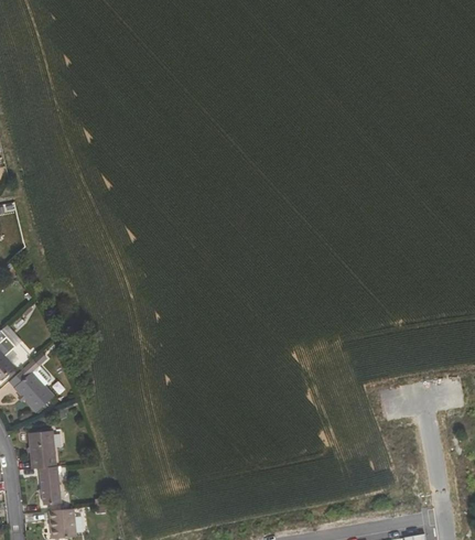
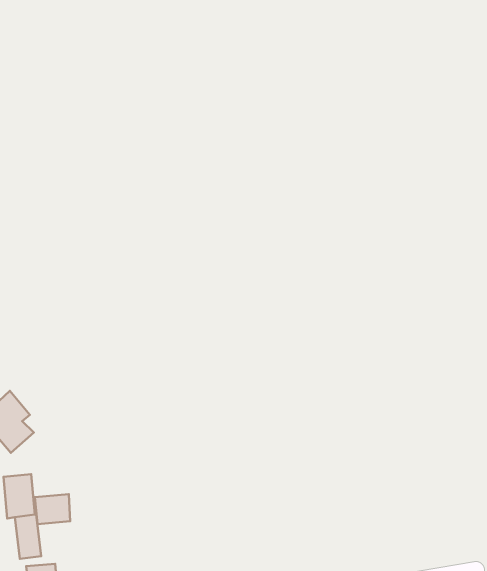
building: none -> [35,494,70,524]

